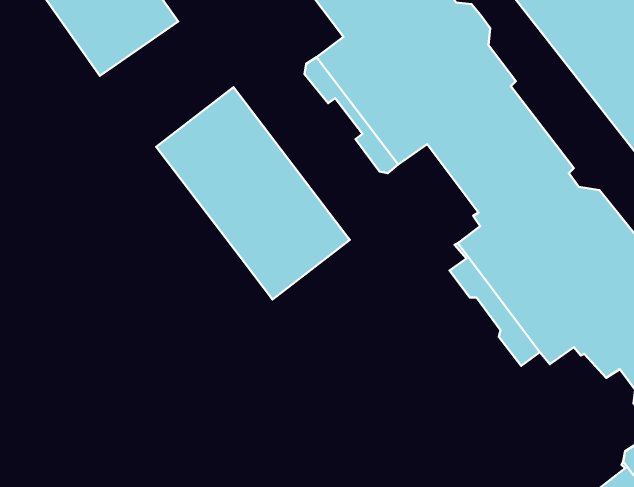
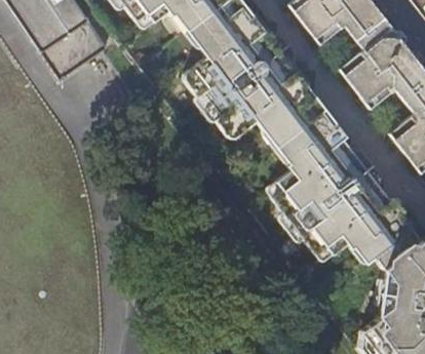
building: [156,87,350,300] -> none

